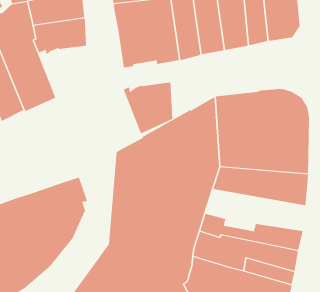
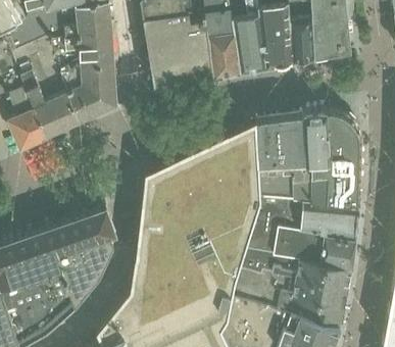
building: [123,82,173,134] -> [61,66,116,123]
building: none -> [244,224,355,269]

